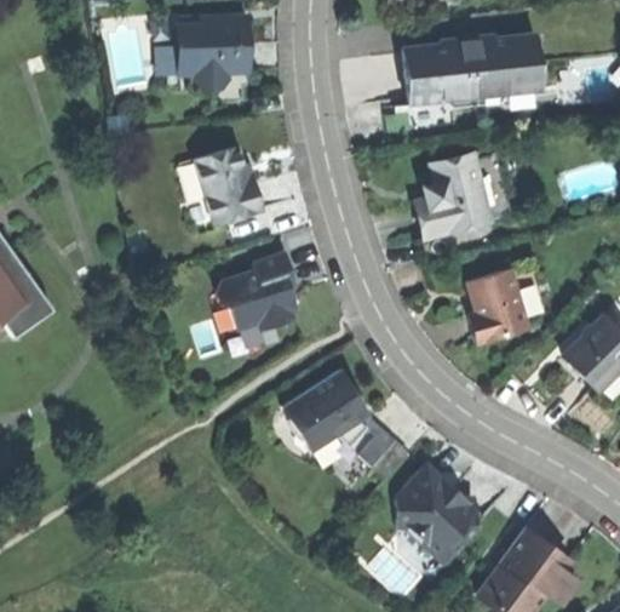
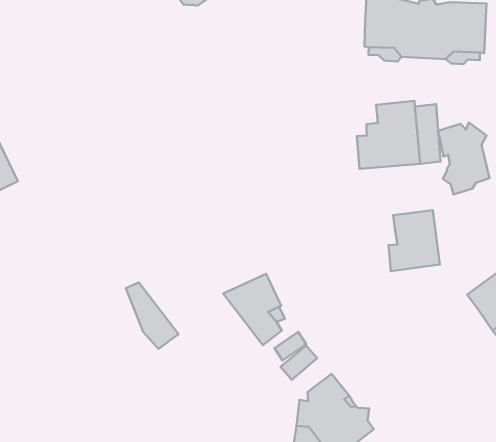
building: [195,145,262,222] -> none
building: none -> [438,122,490,194]
building: [216,252,295,327] -> none
building: [282,395,348,464] -> [126,282,178,349]

